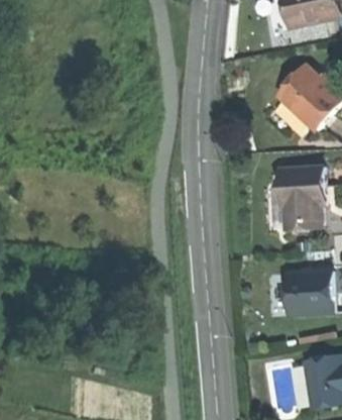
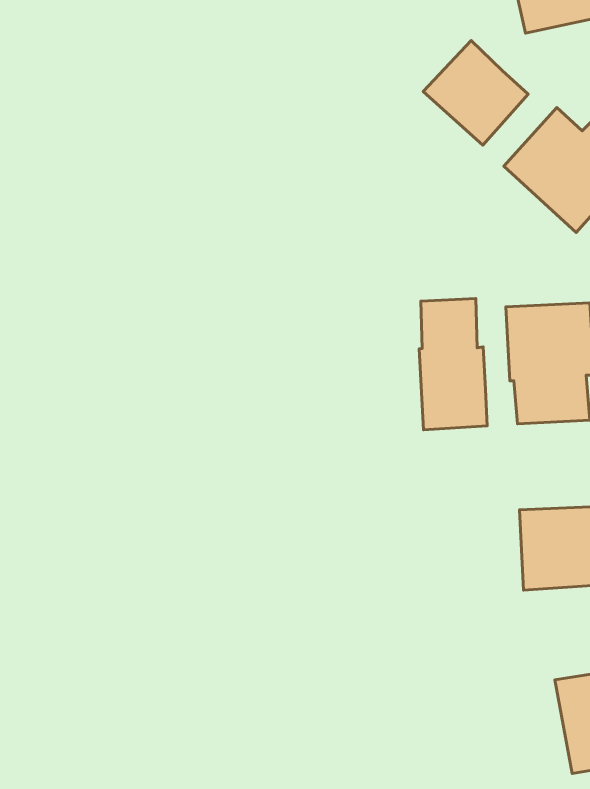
building: none -> [423,41,528,145]
building: none -> [419,298,487,430]

